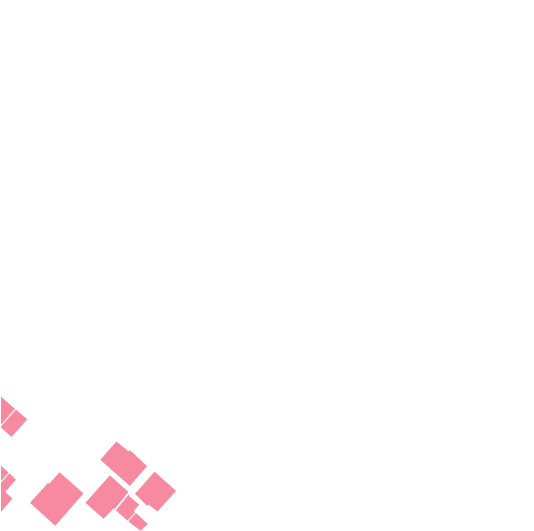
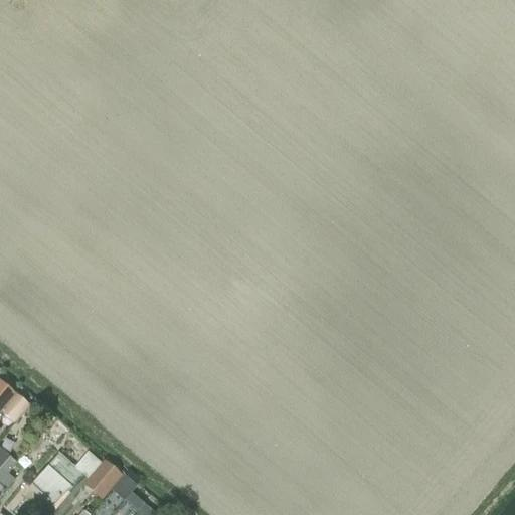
building: [99,441,148,487] -> none
building: [134,471,177,512] -> none

